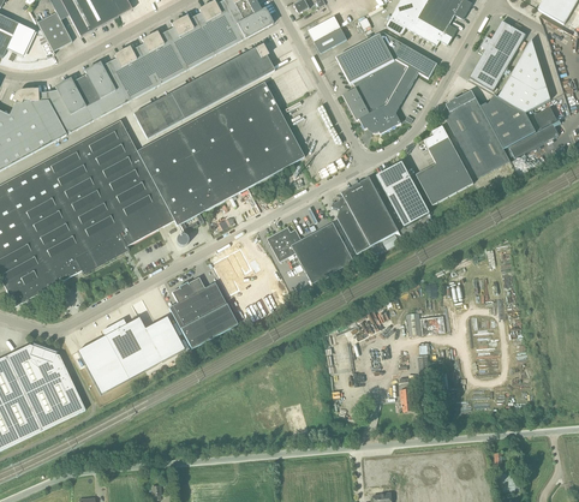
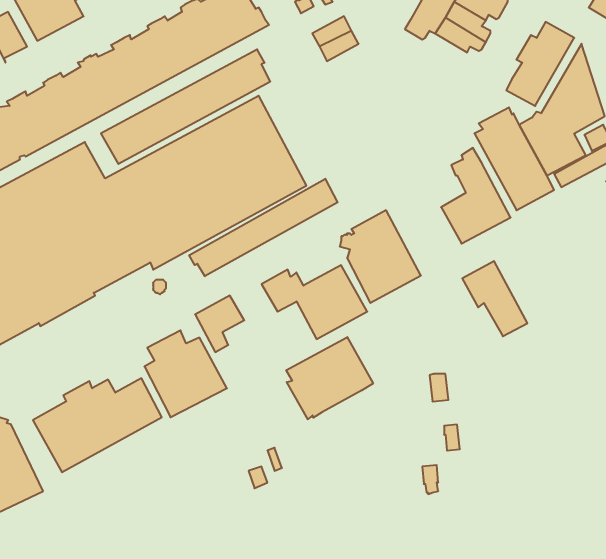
building: [336,31,437,133] -> none
building: none -> [189,179,338,276]
building: [376,161,430,223] -> [462,261,527,336]
building: none -> [286,337,373,419]

